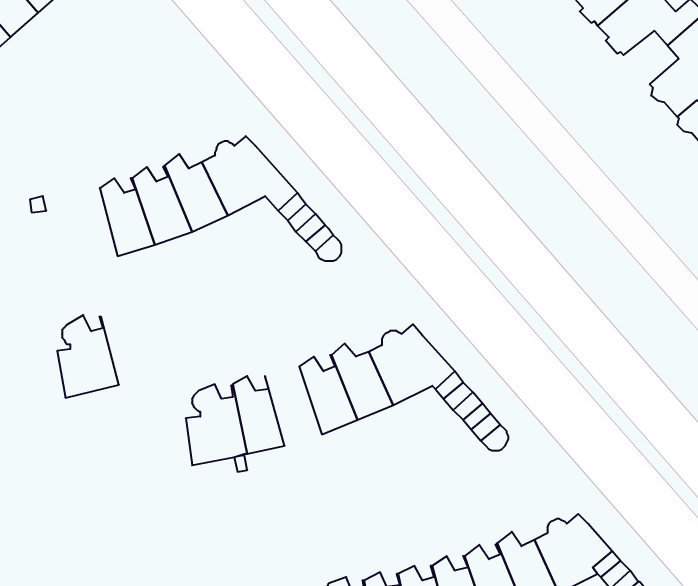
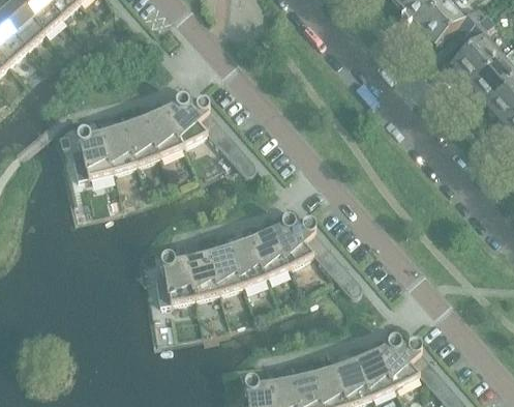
building: [57,315,119,398] -> [72,125,112,178]
building: none -> [206,240,242,291]

